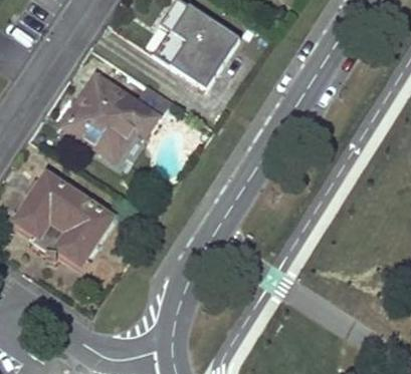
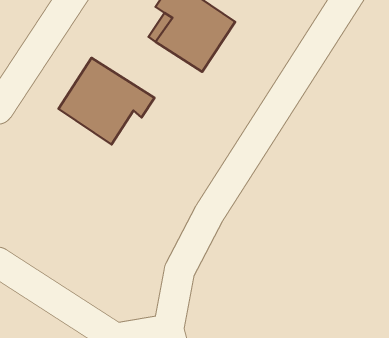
building: [16,170,114,263] -> none

